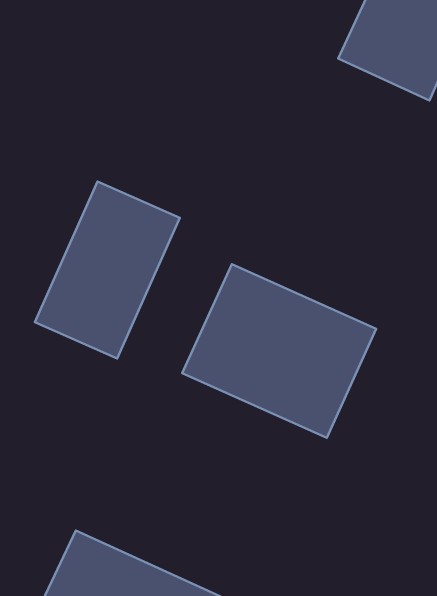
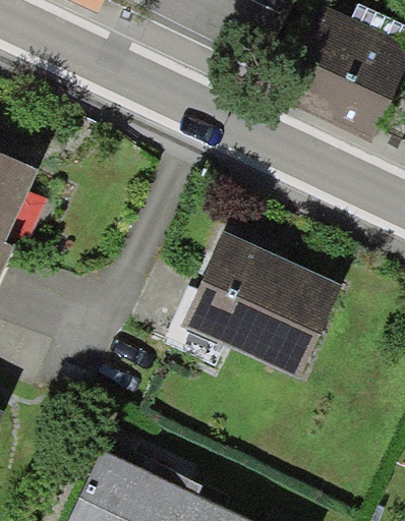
building: [35,182,180,358] -> none

